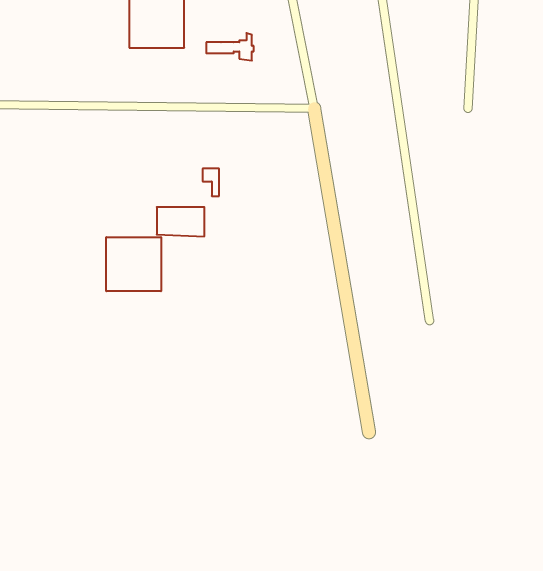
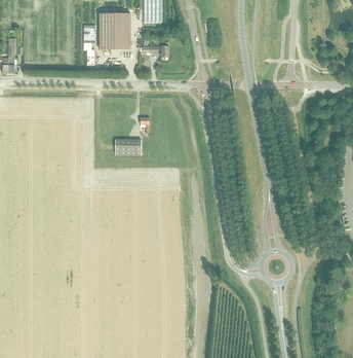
building: [106,237,161,291] -> none

